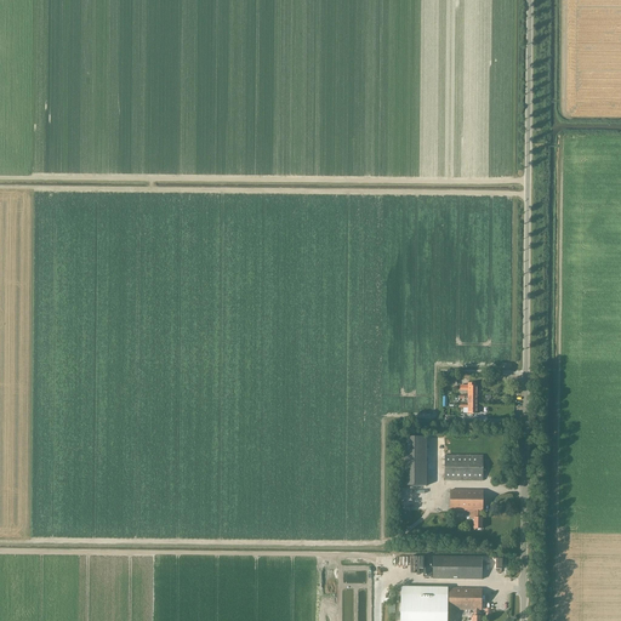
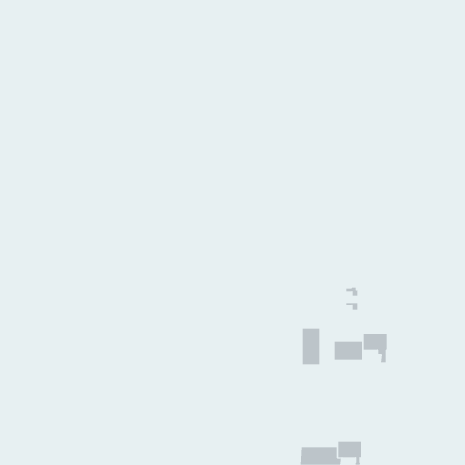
building: [451,489,484,528] -> [363,334,387,363]
building: [433,556,483,579] -> none

